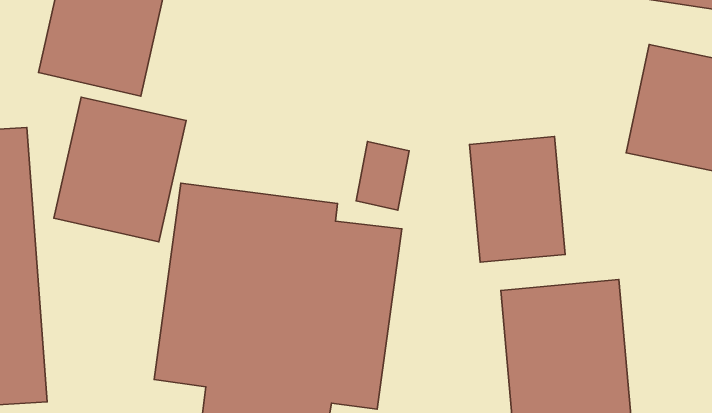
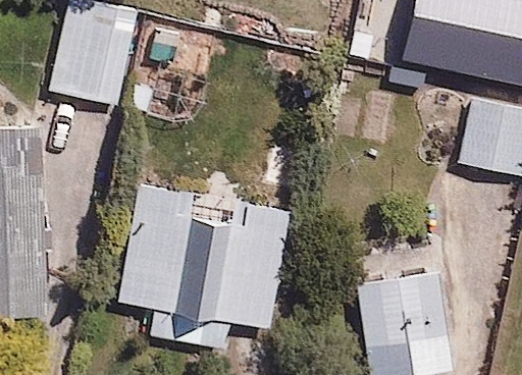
building: [54,97,186,242] -> none
building: [470,137,565,262] -> none

